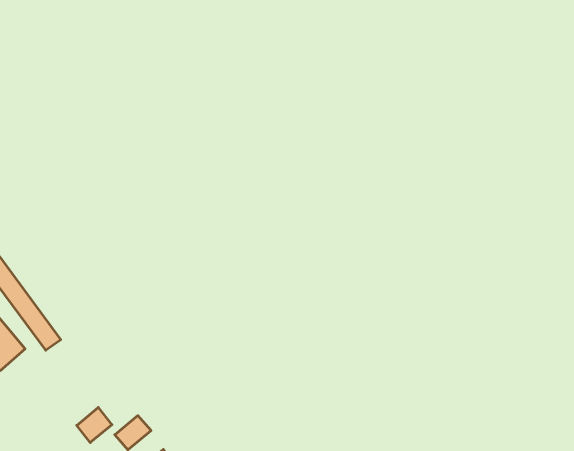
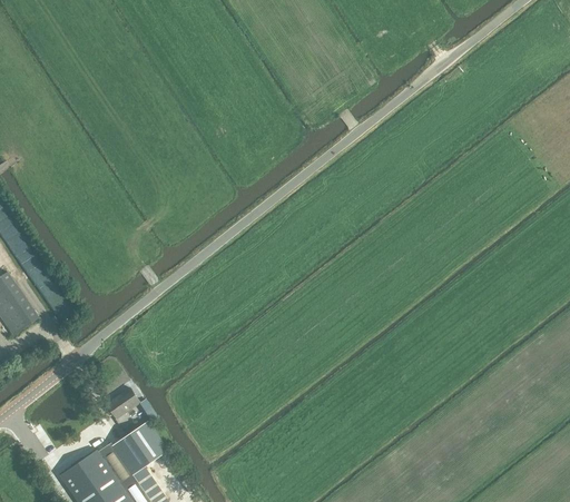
building: [77,407,112,443] -> none

